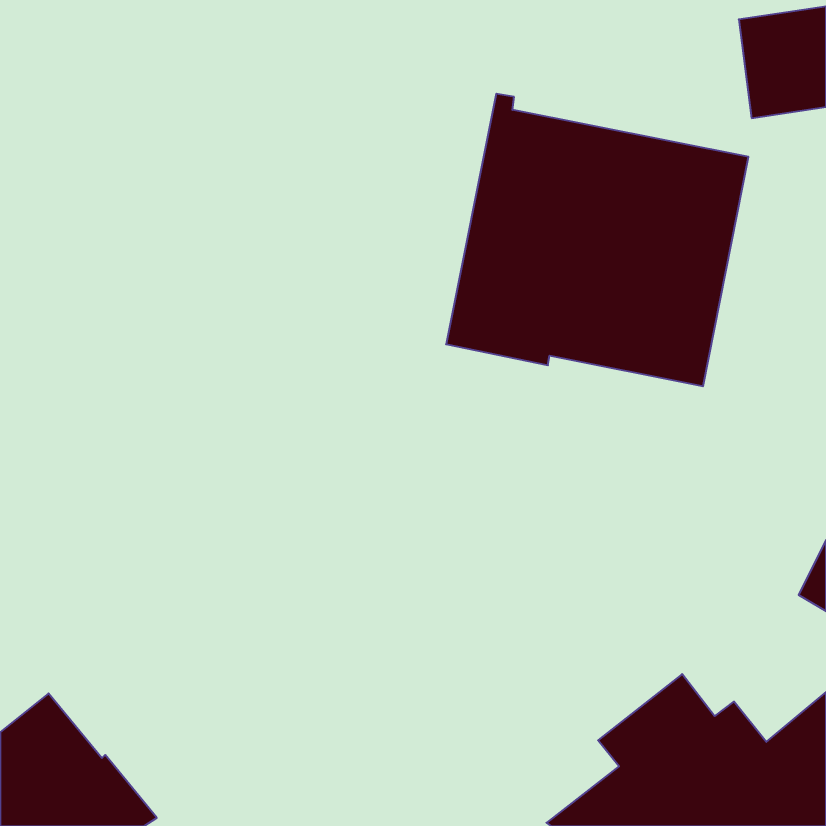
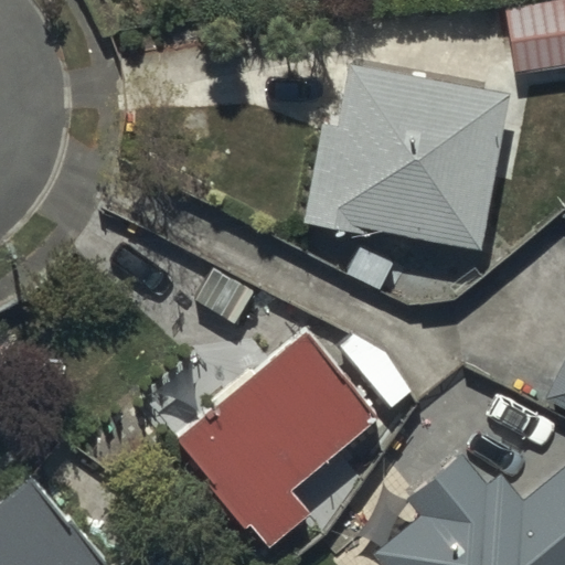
building: none -> [178,324,377,535]

